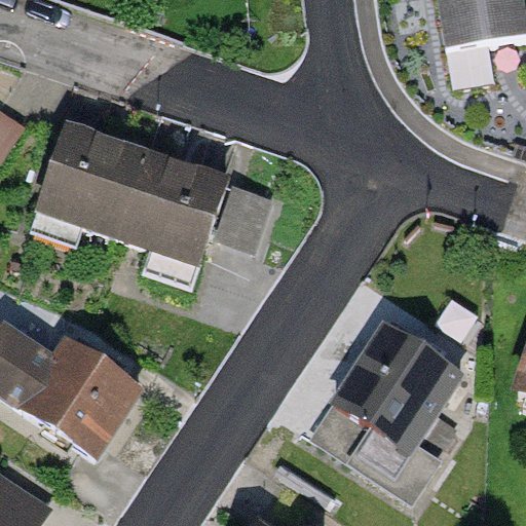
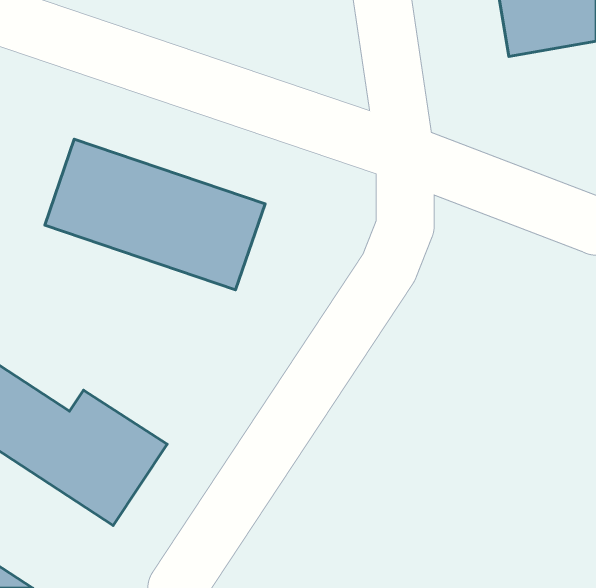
building: [329,329,461,489] -> none

